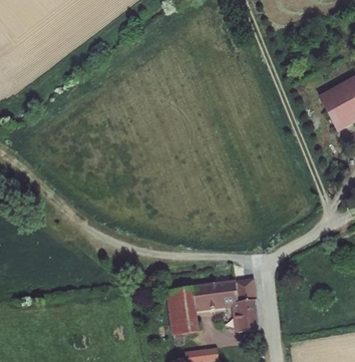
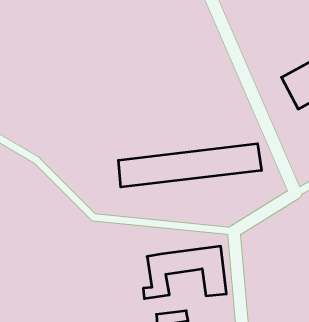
building: none -> [118,144,261,187]

